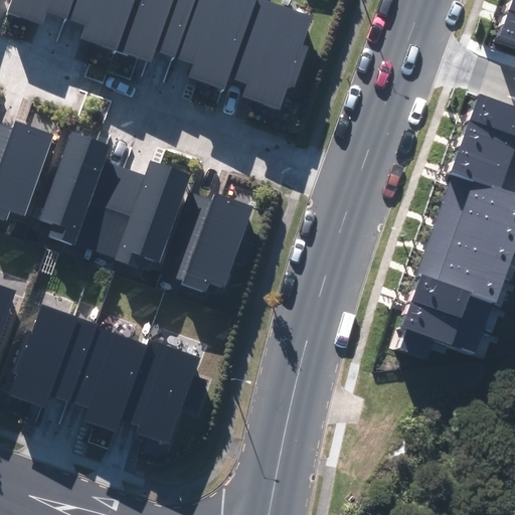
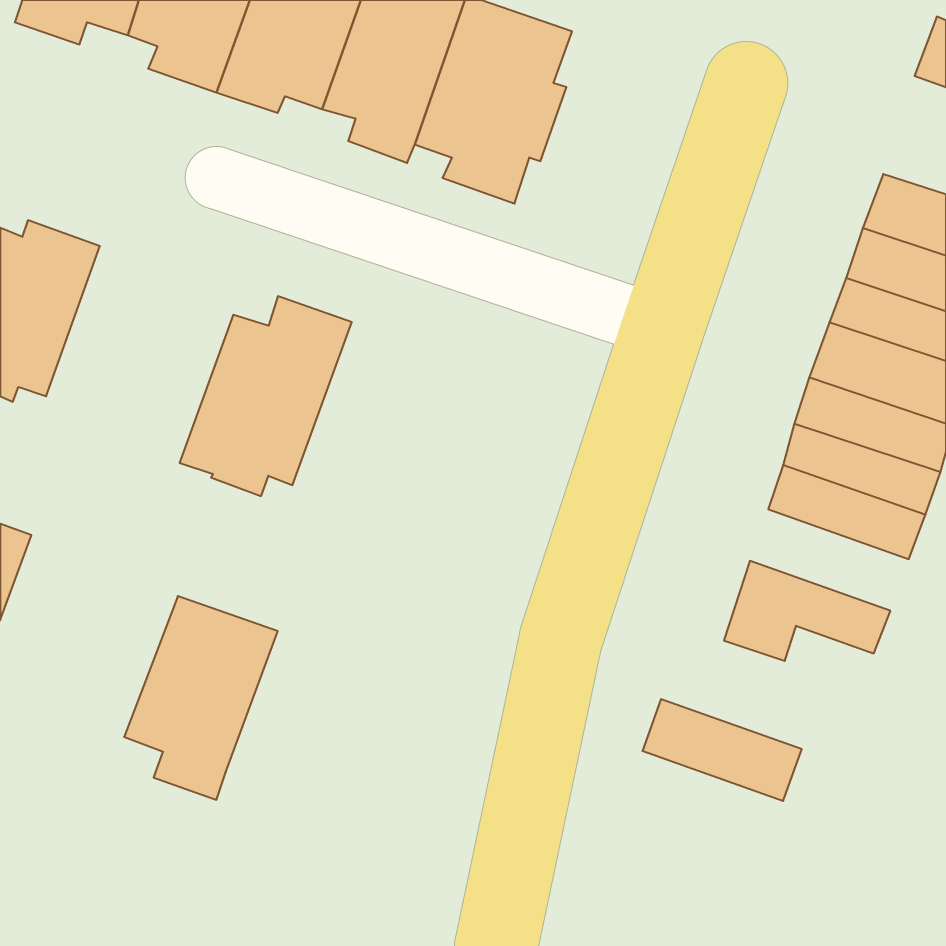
building: [41,133,127,251] -> none
building: [165,194,253,294] -> none
building: [407,277,494,332] -> [642,699,802,801]
building: [10,305,97,407] -> none
building: [123,342,208,445] -> none

